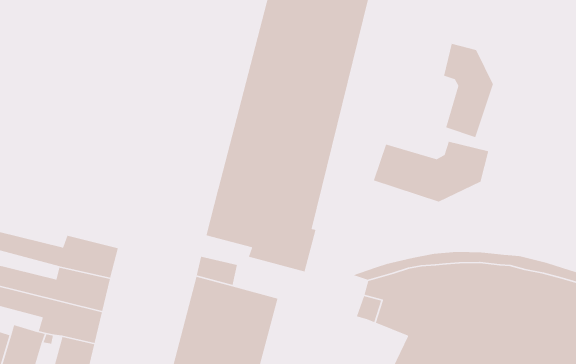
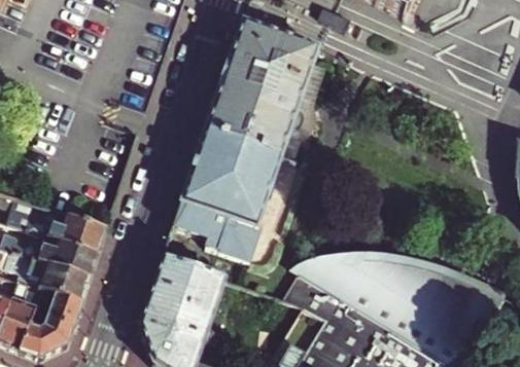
building: [443,43,494,138] -> none
building: [373,141,489,203] -> none

